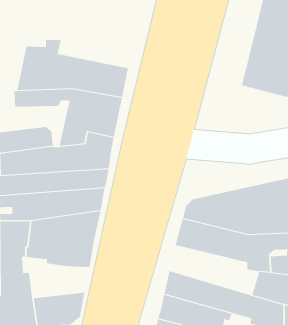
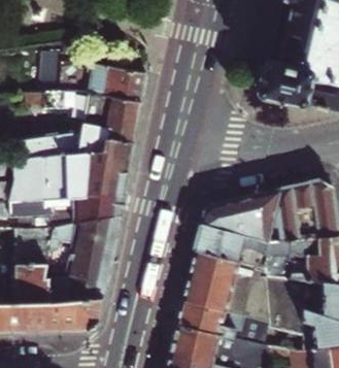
building: none -> [187,252,277,302]
building: none -> [46,270,107,305]

